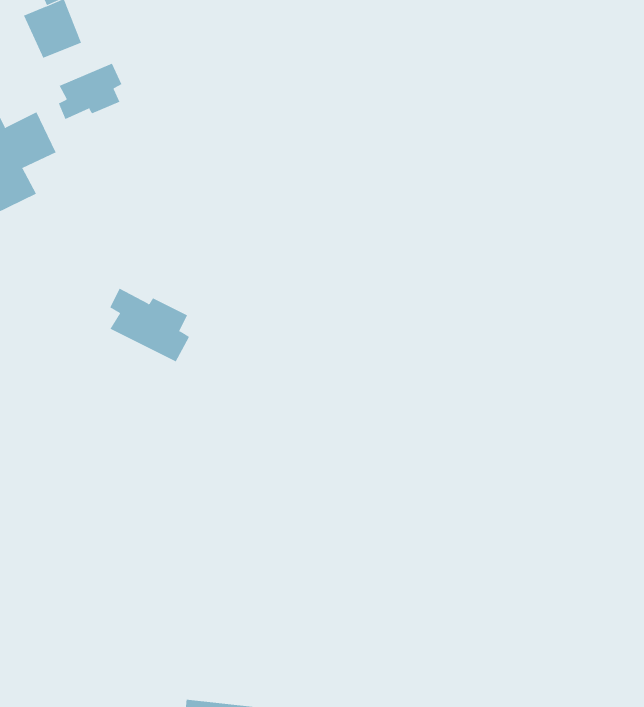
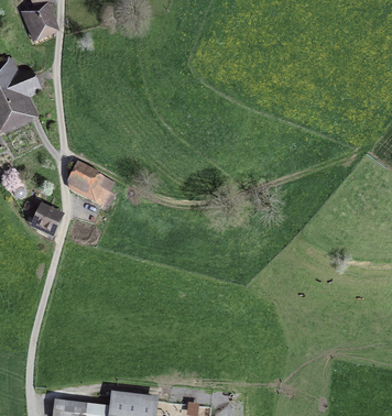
building: [58,63,122,120] -> none
building: none -> [30,205,63,236]

